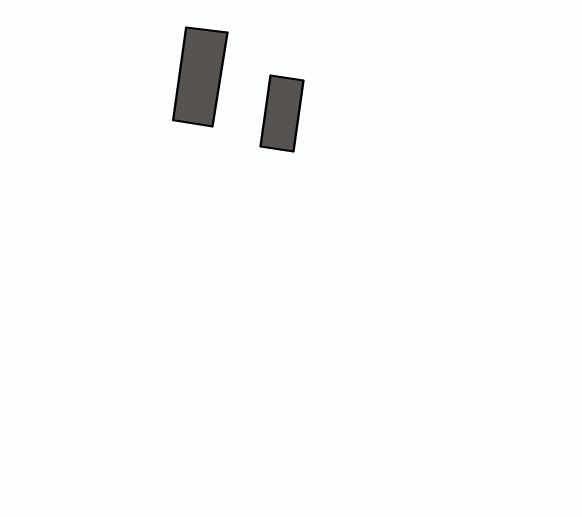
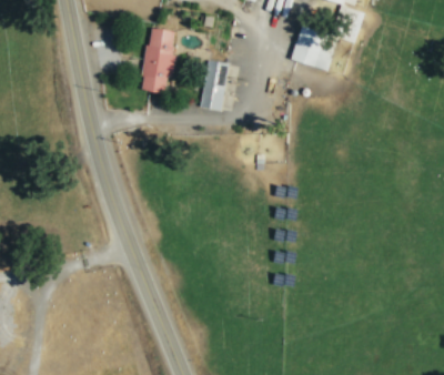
building: none -> [290,24,339,71]

